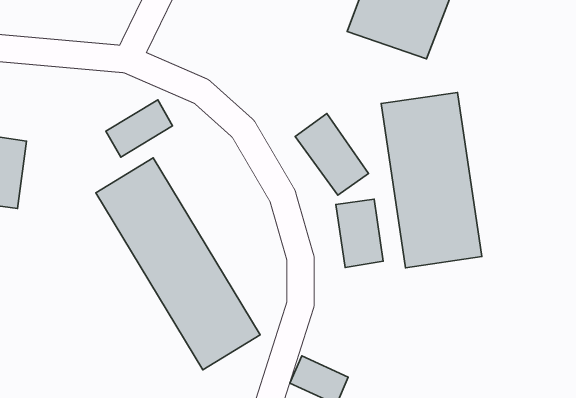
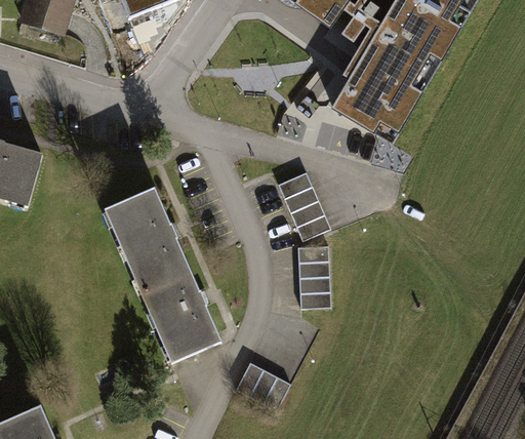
building: [381,92,482,268] -> none
building: [106,100,173,157] -> none

